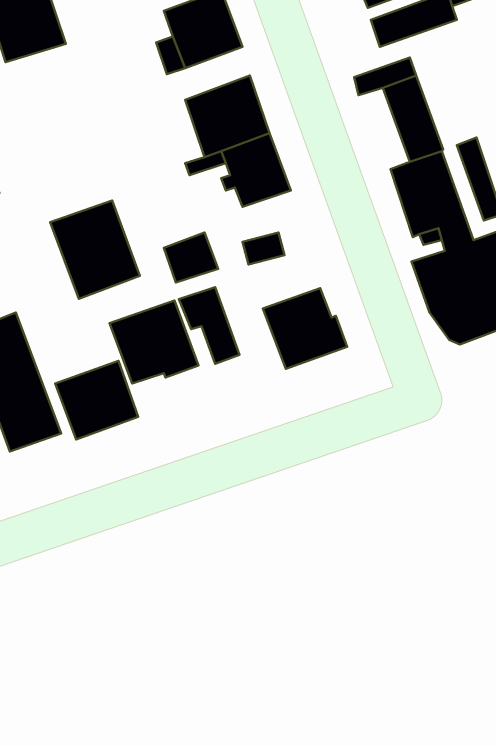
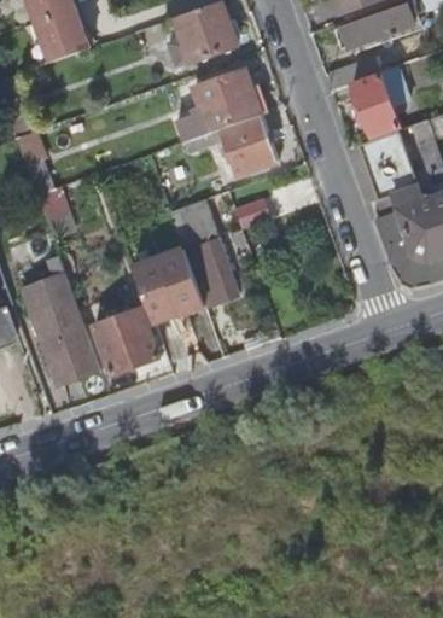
building: [50,200,140,299] -> none
building: [263,288,347,369] -> none

